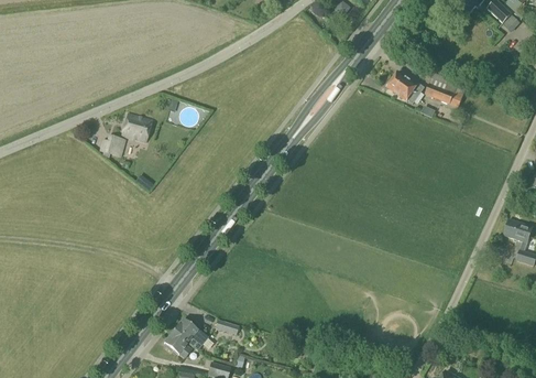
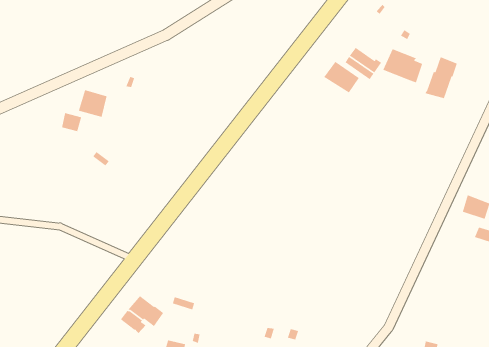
building: none -> [425,56,458,99]
building: none -> [323,61,360,94]

